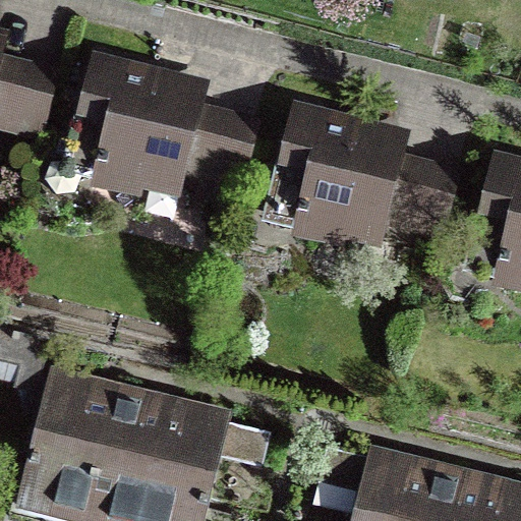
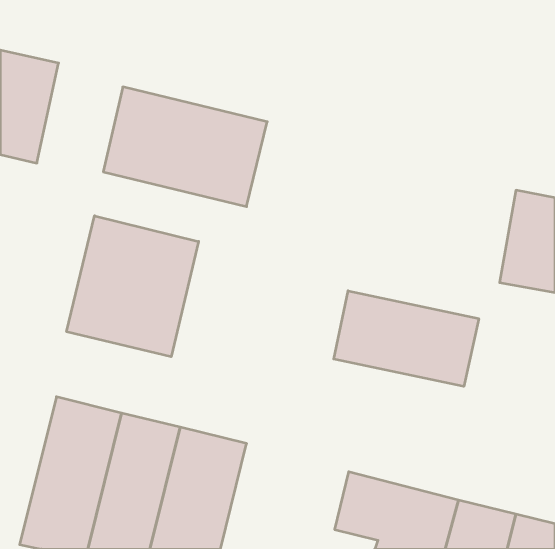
building: [288,126,446,246] -> none
building: none -> [67,216,199,357]
building: none -> [334,291,479,386]

